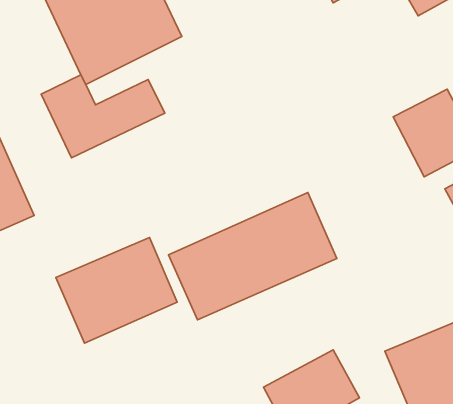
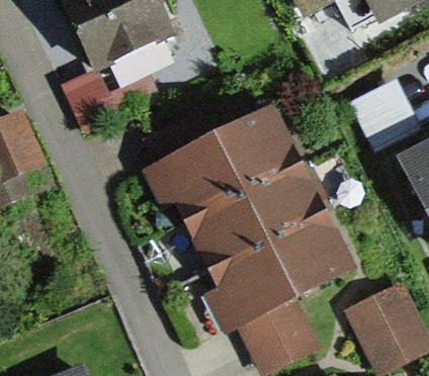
building: none -> [144,111,285,218]
building: [56,238,177,343] -> none
building: none -> [192,221,334,327]

